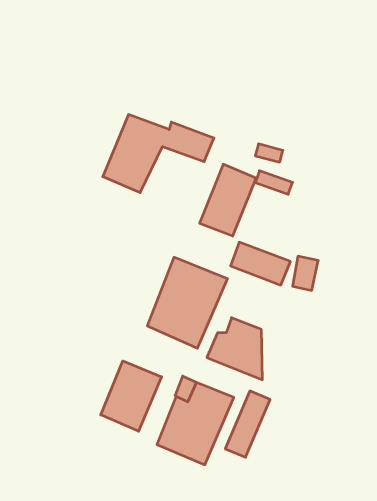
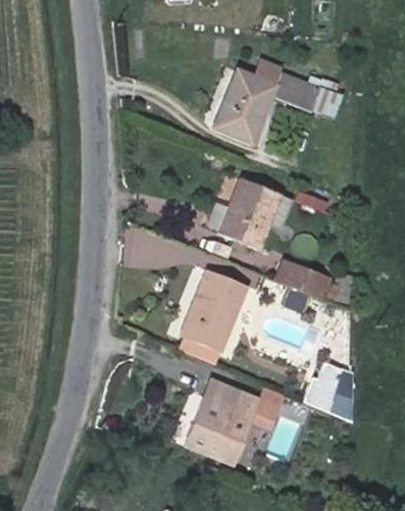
building: [103,115,214,193] -> [213,66,319,141]
building: [207,318,262,380] -> [303,364,356,423]
building: [101,361,162,431] -> none

